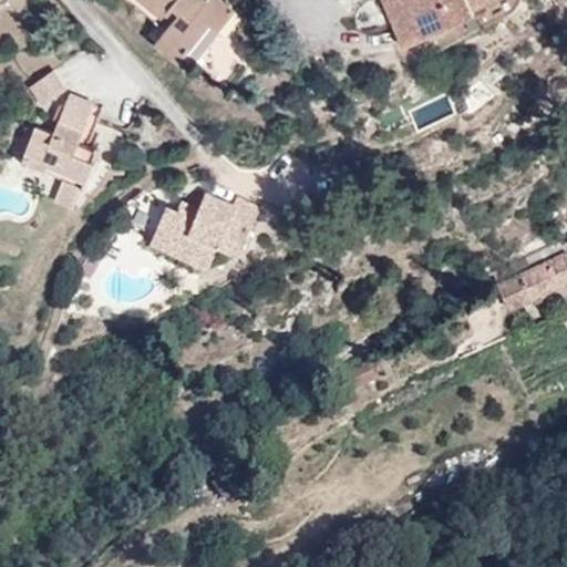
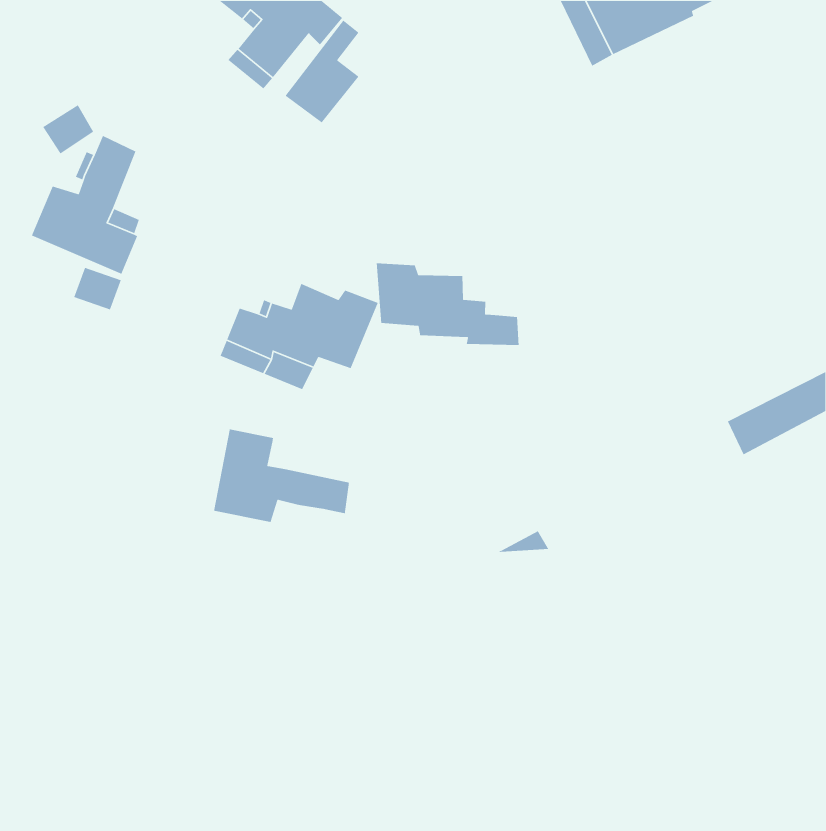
building: none -> [376,263,520,346]
building: none -> [213,428,350,523]

